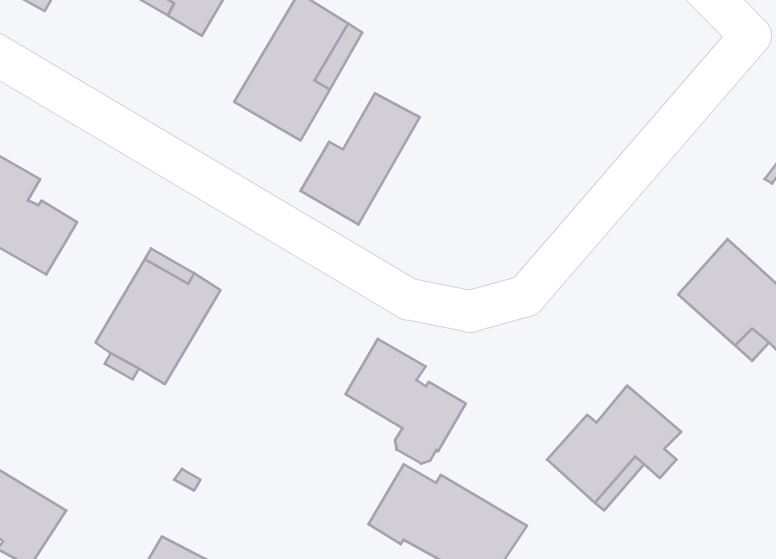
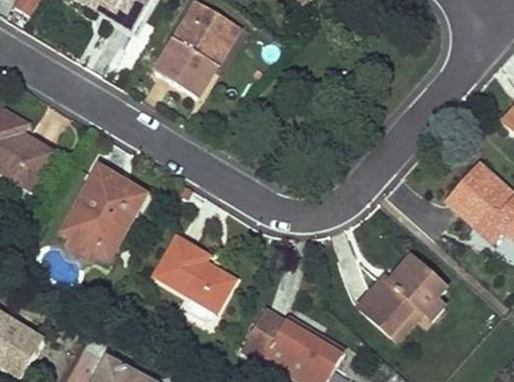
building: [300,93,420,225] -> none
building: [346,339,466,464] -> [156,237,234,319]

